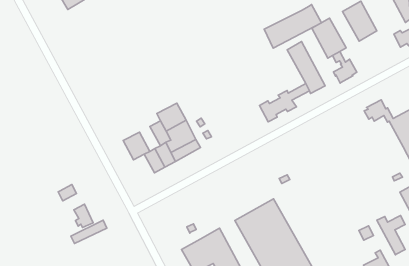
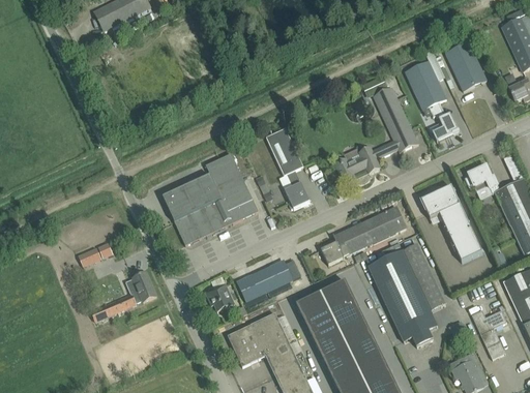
building: [264,4,321,48] -> none
building: none -> [265,127,310,207]
building: none -> [420,185,481,261]
building: none -> [183,180,208,211]
building: none -> [321,206,406,263]
building: none -> [174,214,199,244]
building: none -> [369,243,445,345]
building: none -> [236,259,300,300]
building: [74,204,93,227] -> [132,271,155,300]
building: none -> [205,282,231,310]

